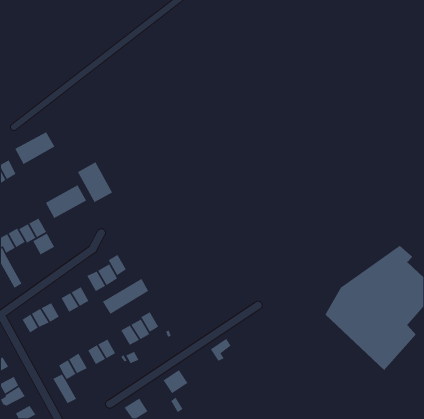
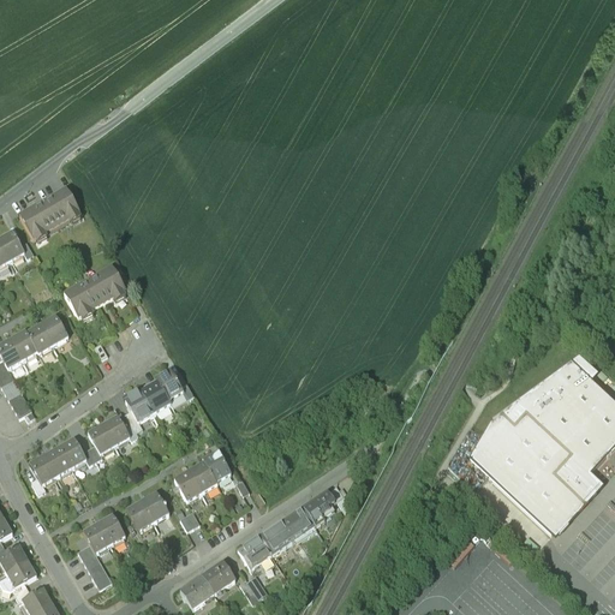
building: [77,161,113,203] -> none
building: [32,232,55,255] -> none
building: [102,278,149,315] -> none
building: none -> [259,506,316,555]
building: none -> [202,560,238,596]

